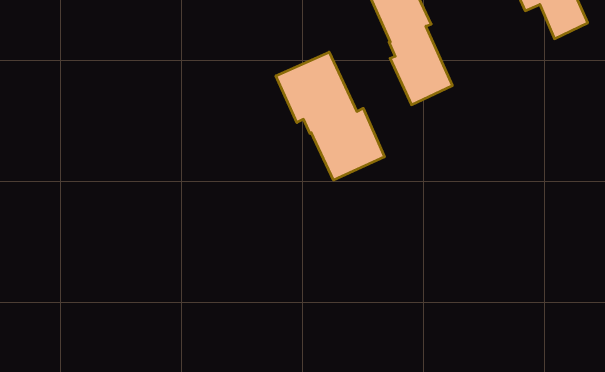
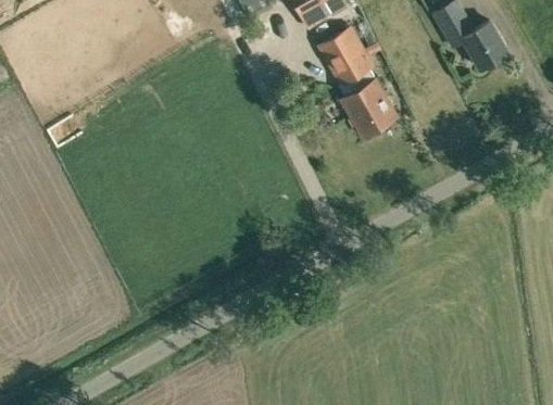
building: [276,52,384,180] -> none

